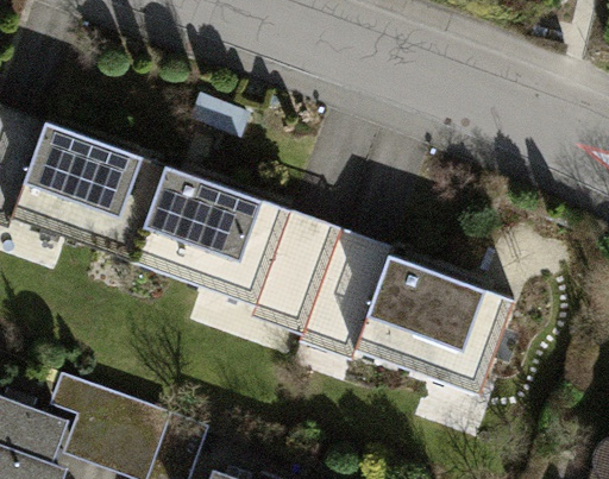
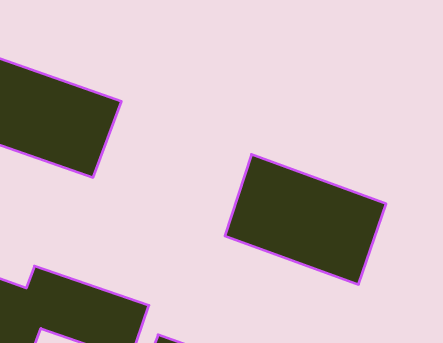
building: [132,164,328,322] -> none

